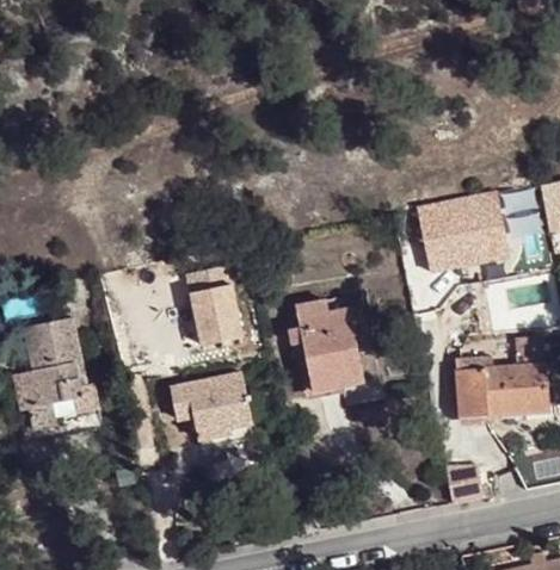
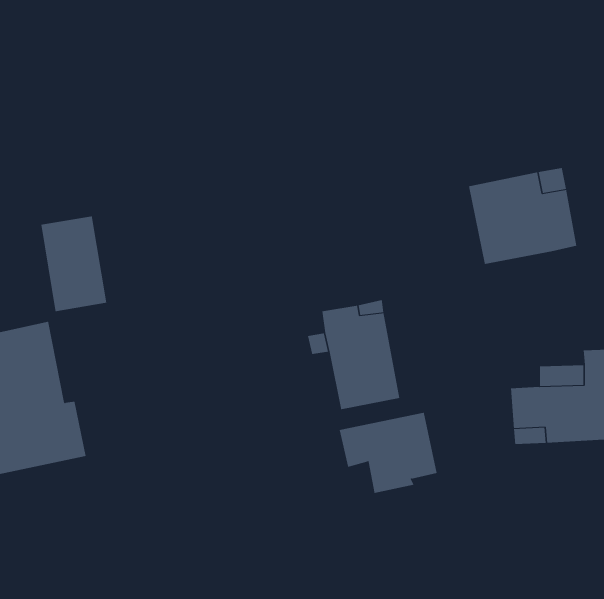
building: [189,264,244,342] -> [40,216,107,312]
building: [170,373,251,440] -> [339,412,438,494]

